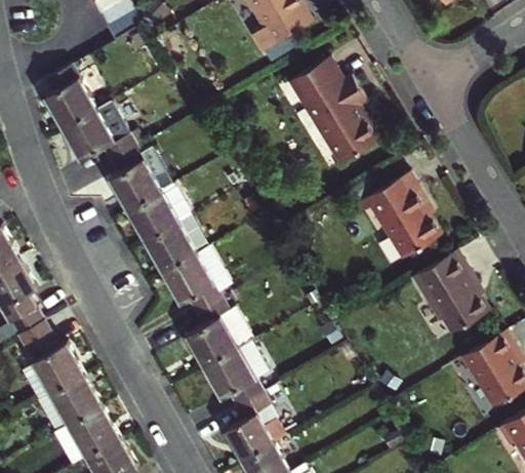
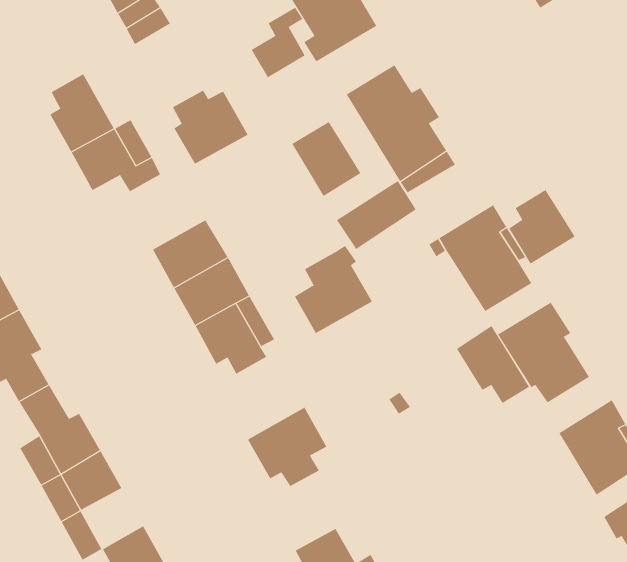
building: none -> [251,7,305,78]
building: none -> [292,121,361,197]
building: [110,147,172,208] -> [172,90,248,165]
building: none -> [336,180,417,250]
building: none -> [508,189,576,264]
building: none -> [456,325,530,404]
building: [189,291,253,364] -> [294,245,373,334]
building: [231,390,279,456] -> none
building: [70,404,121,455] -> none

